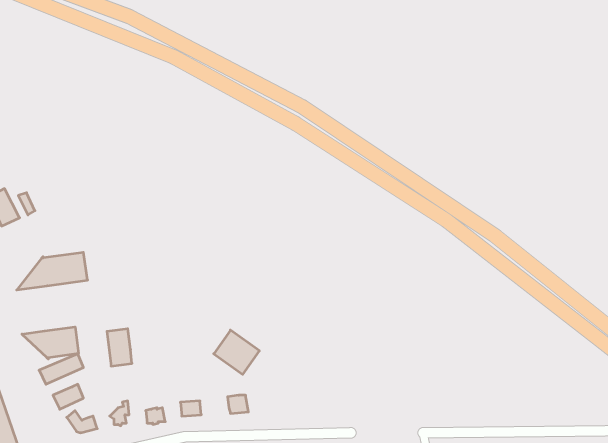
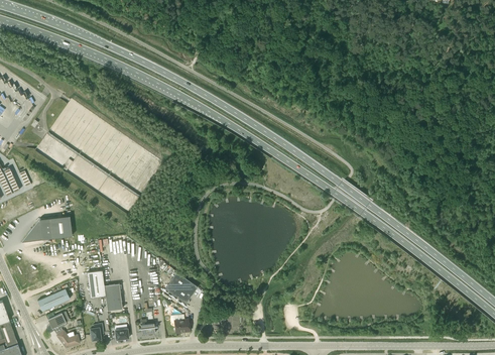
building: [22,327,78,359] -> none
building: none -> [103,283,121,311]

